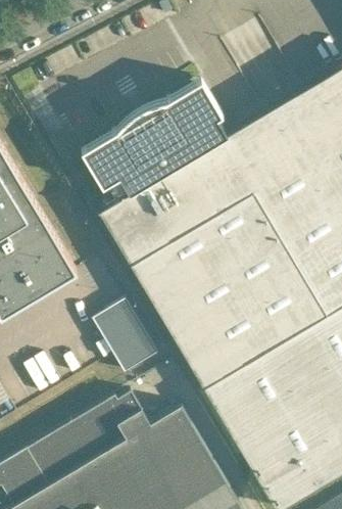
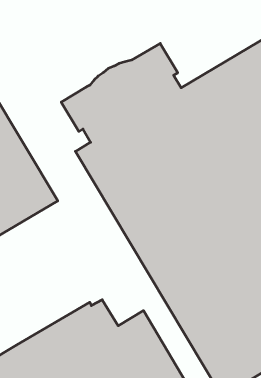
building: [93,300,158,374] -> none

